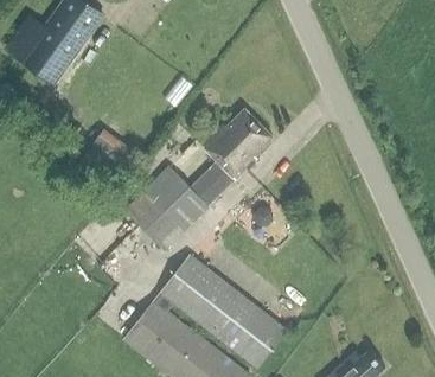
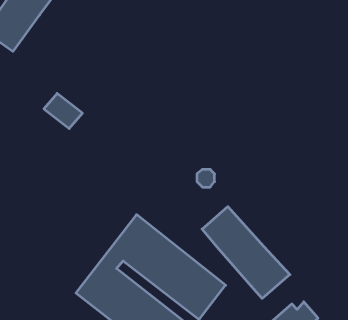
building: [123,110,270,251] -> none
building: none -> [202,207,290,298]

